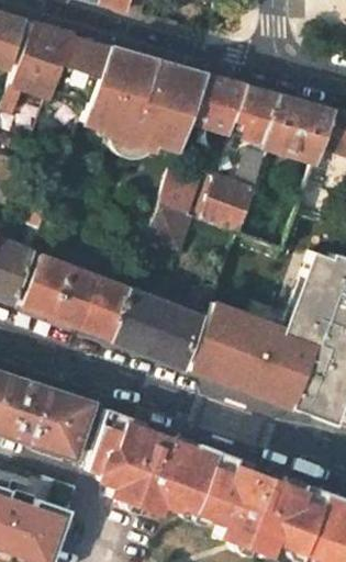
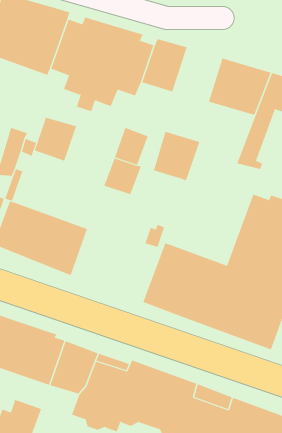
building: [222,83,277,145] -> none
building: none -> [34,117,77,161]
building: [108,288,199,367] -> none

